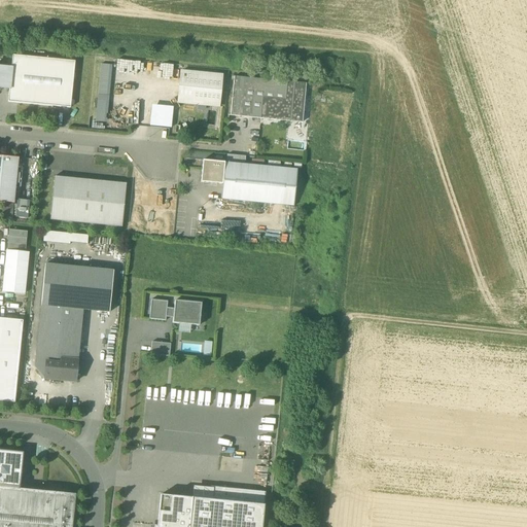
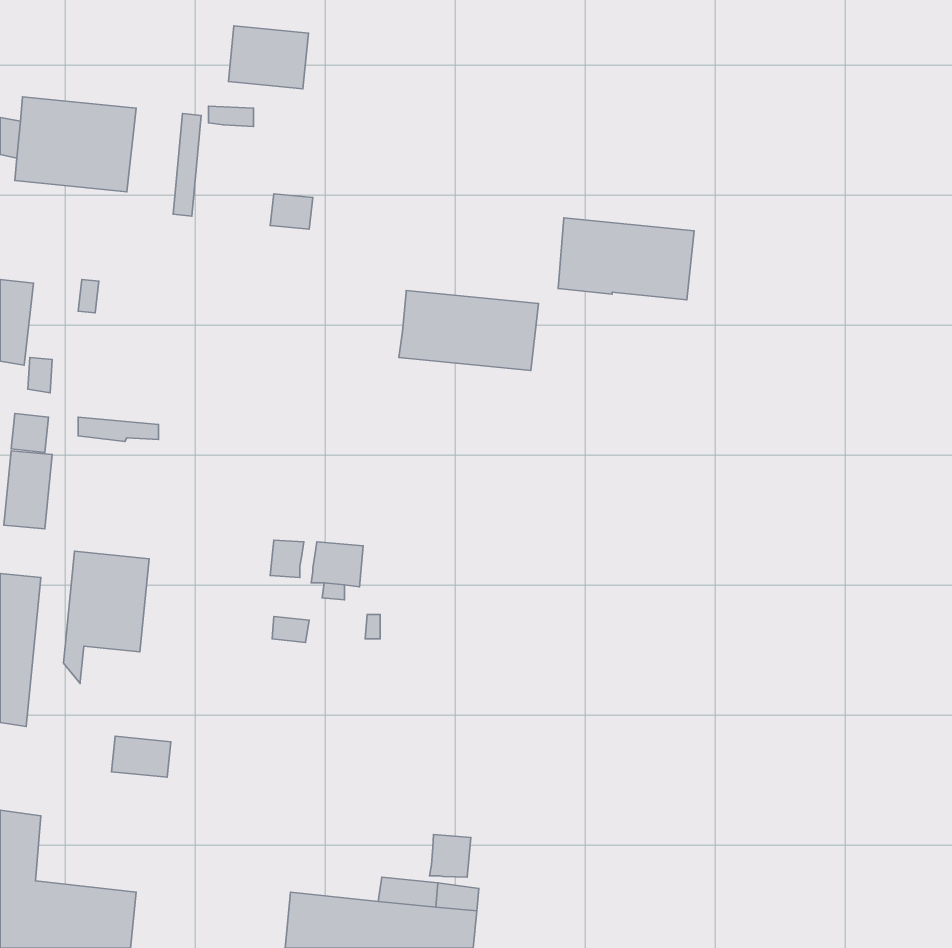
building: [178,70,222,105] -> [228,26,308,89]
building: [231,75,306,120] -> [558,218,694,300]
building: [201,159,224,183] -> none
building: [49,175,127,225] -> none
building: [41,262,113,311] -> none
building: [44,357,77,380] -> [111,736,171,777]
building: none -> [430,834,471,877]

